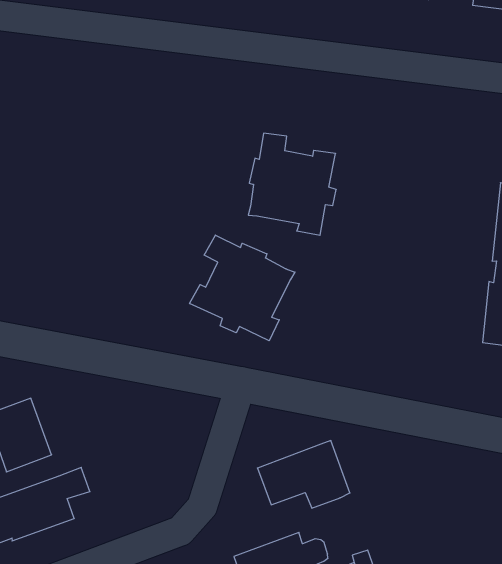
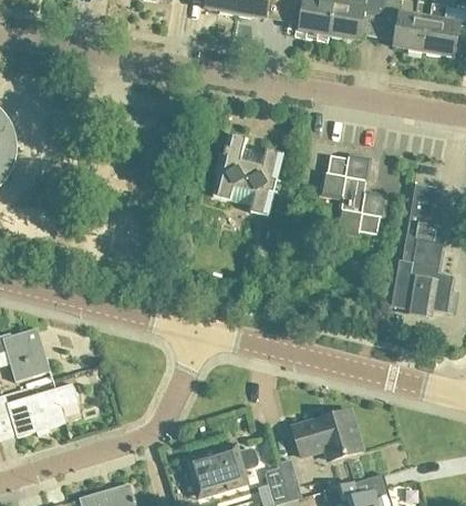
building: none -> [319,154,386,236]
building: [190,235,295,341] -> none
building: [257,441,350,508] -> [291,409,361,459]

